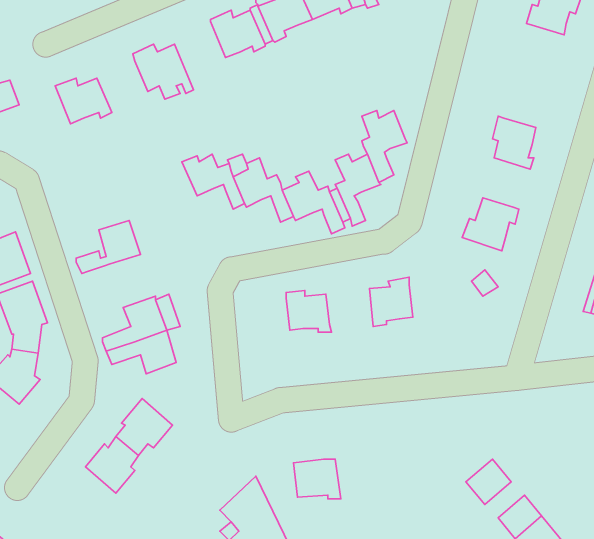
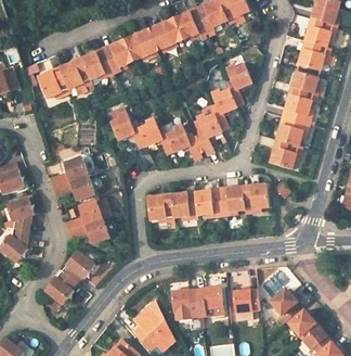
building: none -> [105,38,134,73]
building: none -> [299,41,331,72]
building: none -> [58,62,91,89]
building: none -> [227,66,253,106]
building: none -> [294,73,318,101]
building: none -> [277,117,309,145]
building: none -> [52,173,92,198]
building: none -> [239,183,264,212]
building: none -> [192,190,219,215]
building: none -> [146,195,171,220]
building: none -> [197,287,224,328]
building: none -> [235,289,260,312]

